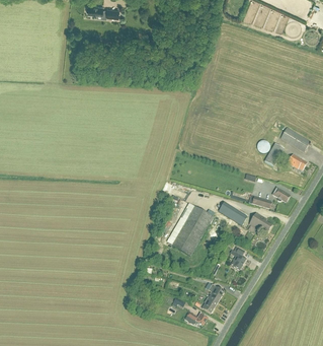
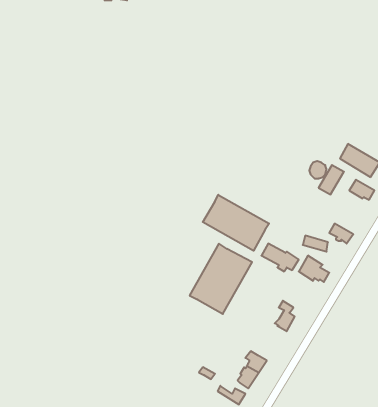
building: none -> [203,195,269,251]

